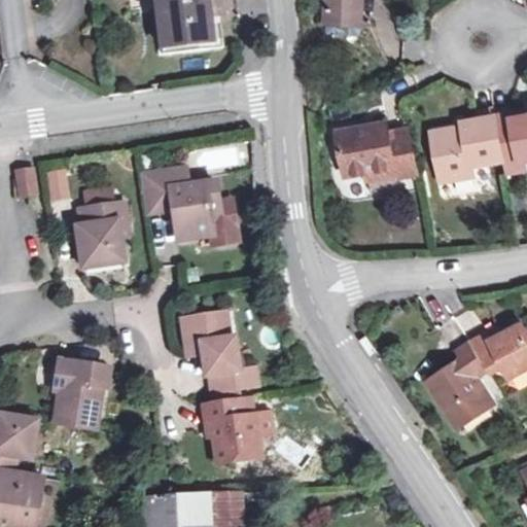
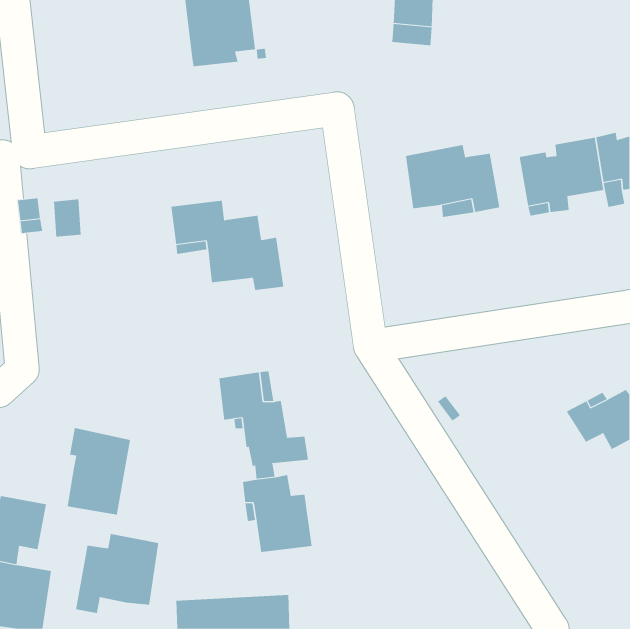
building: [76,201,122,266] -> none
building: [427,343,494,427] -> none
building: none -> [75,533,159,614]

